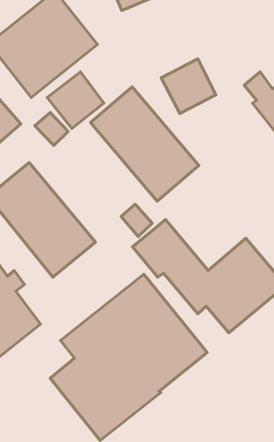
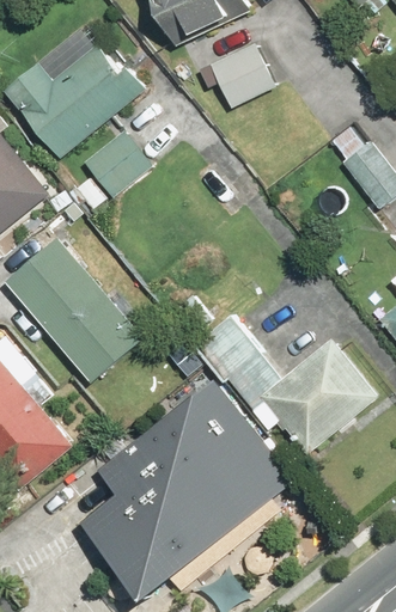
building: [161,59,216,114] -> [206,39,275,109]
building: [91,87,199,201] -> none

